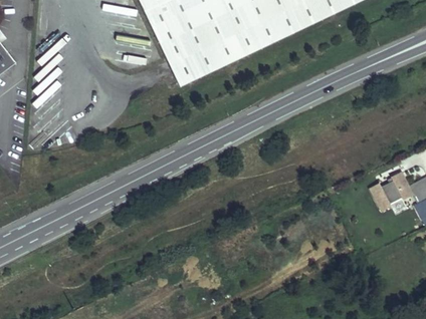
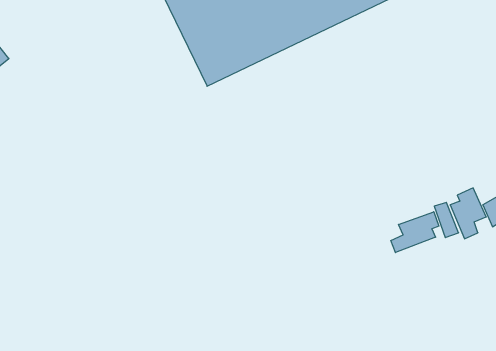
building: none -> [391,212,439,253]

